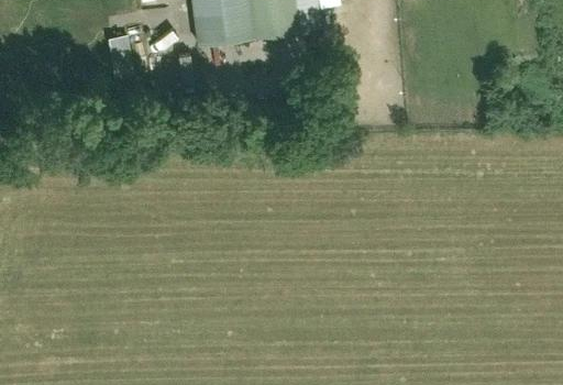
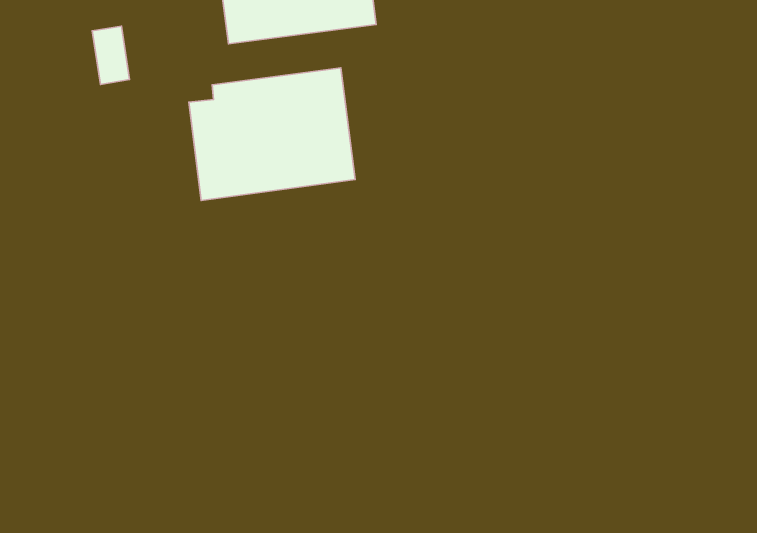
building: none -> [189,68,355,200]

